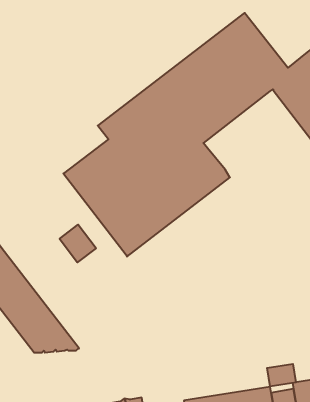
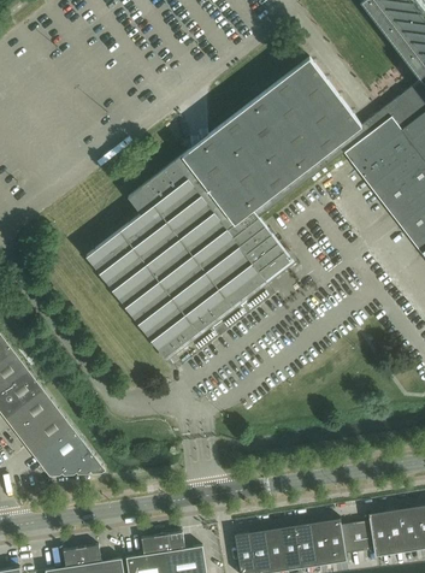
building: [60,225,96,262] -> none
building: [267,364,296,387] -> none

